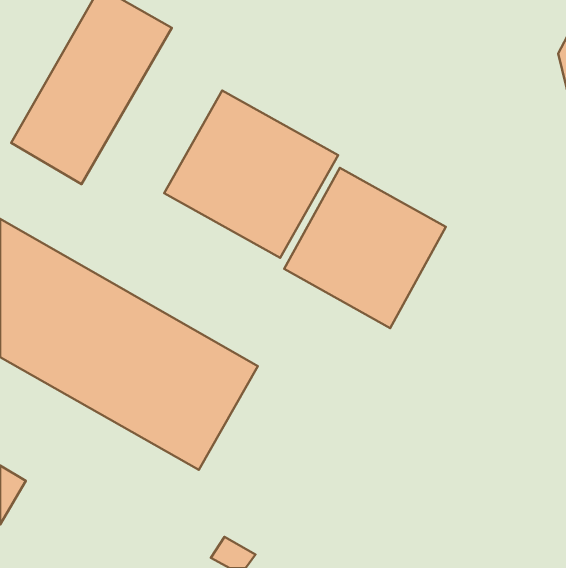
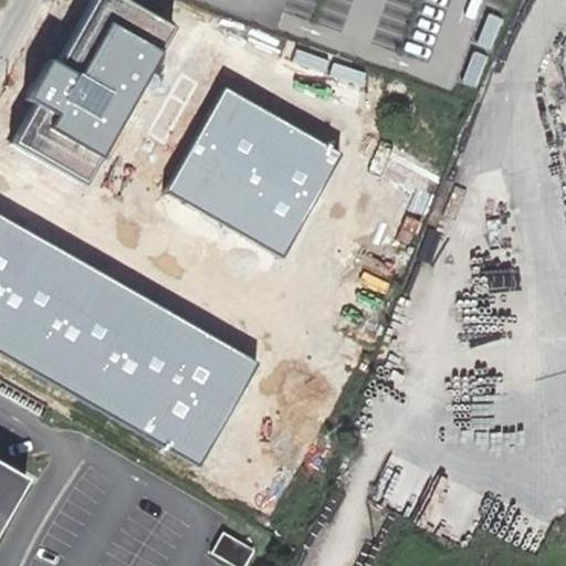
building: [284,168,446,328] -> none

